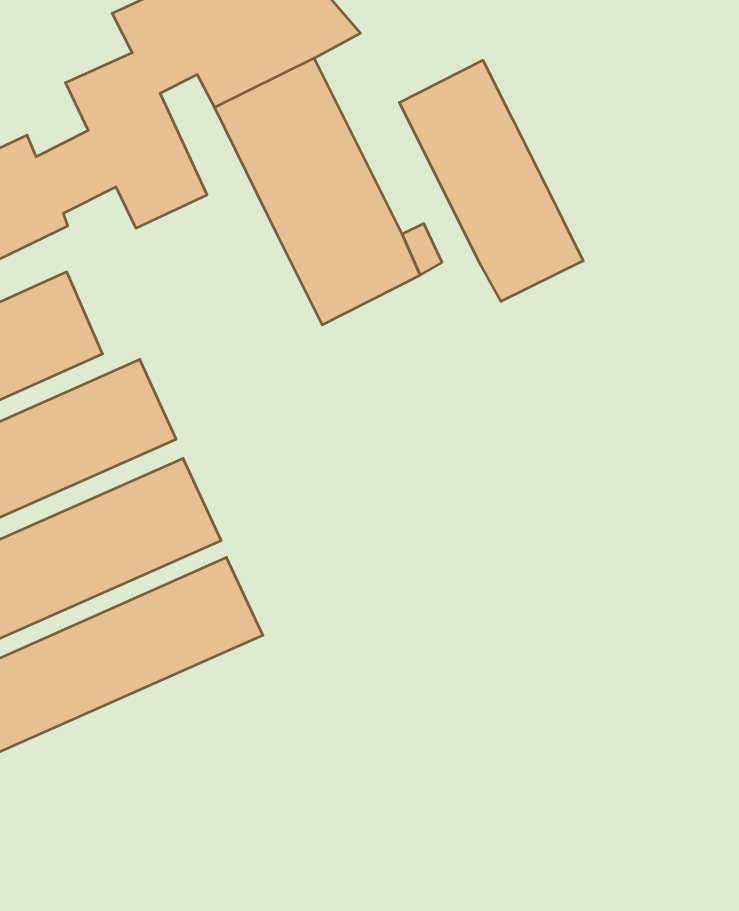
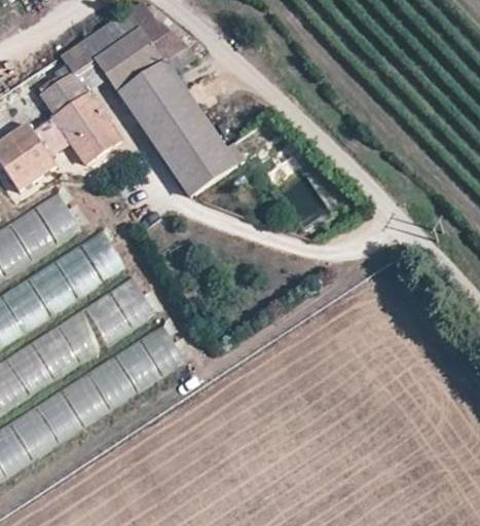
building: [399,60,583,301] -> none

